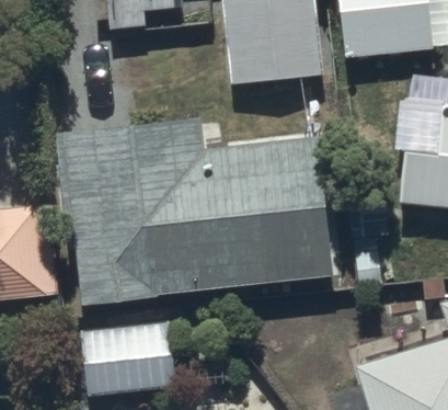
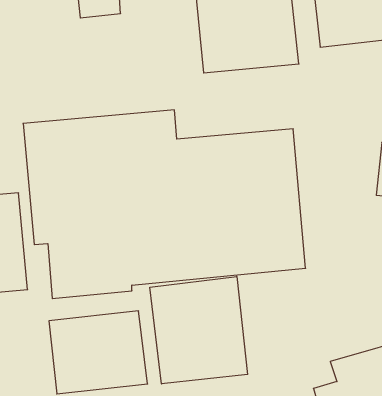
building: none -> [150,276,248,384]

